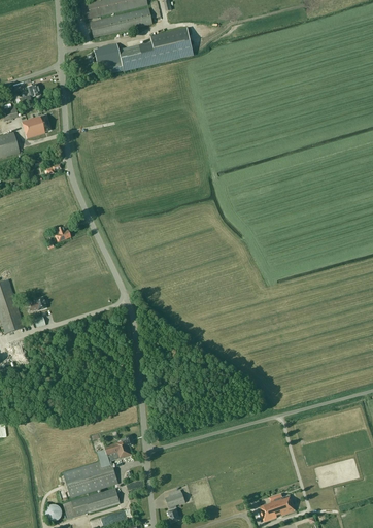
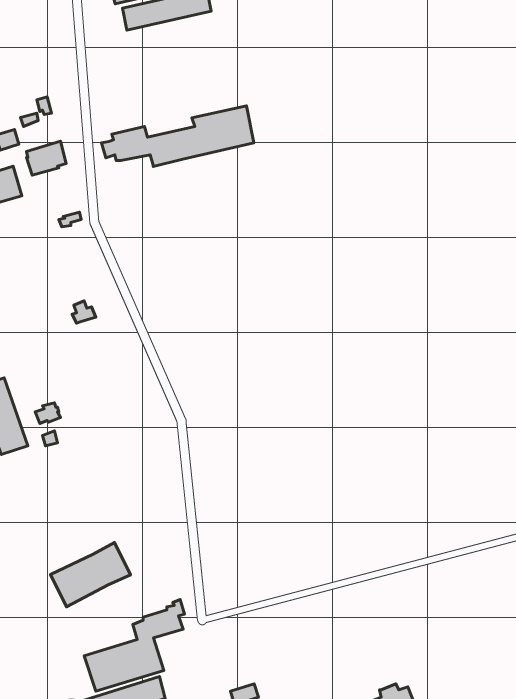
building: [86,29,192,71] -> [102,106,254,167]
building: none -> [50,543,131,607]

